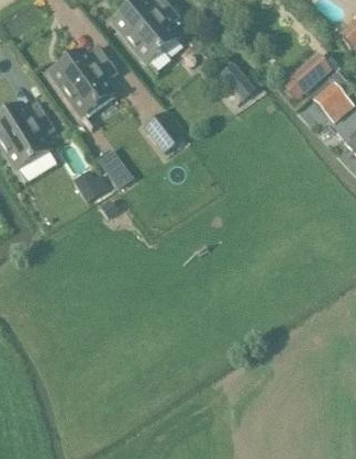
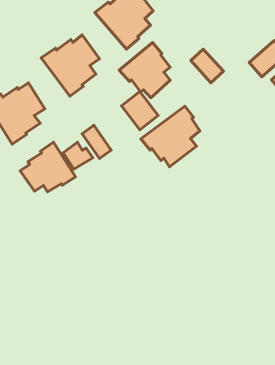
building: none -> [119,43,170,98]
building: none -> [141,106,200,167]
building: none -> [20,142,75,192]

